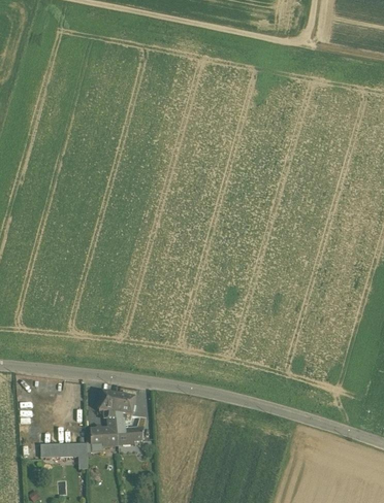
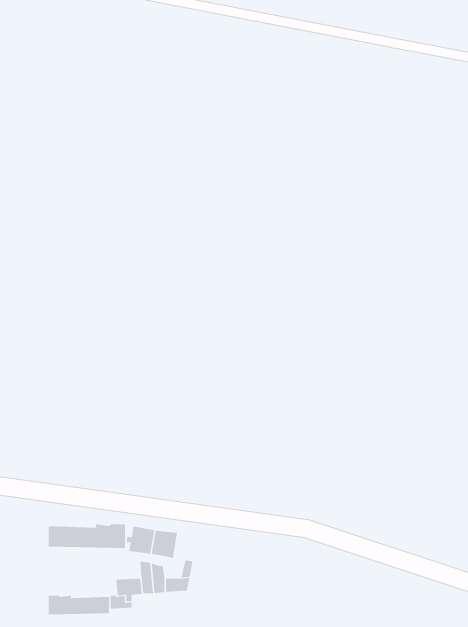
building: none -> [48,524,125,549]

